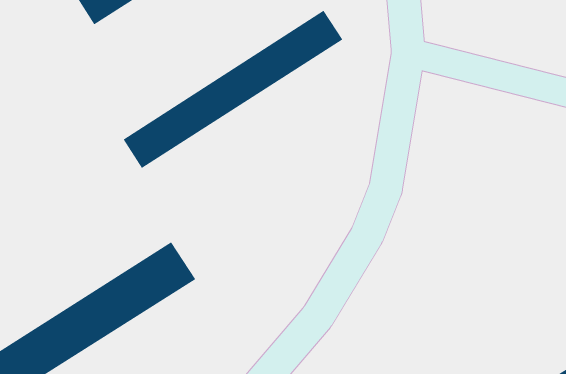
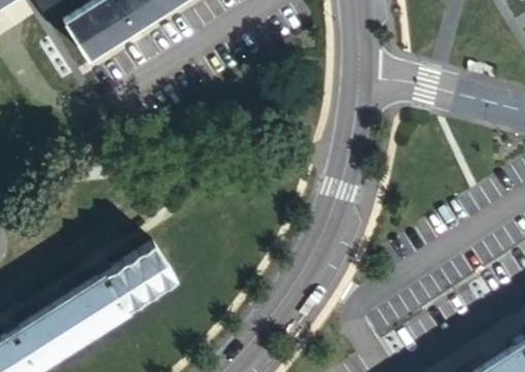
building: [123,10,343,169] -> none

